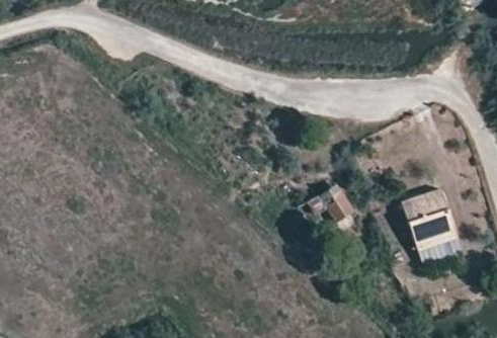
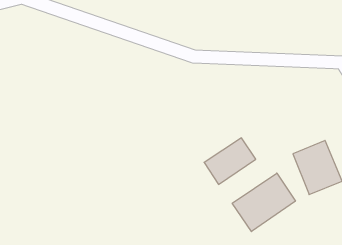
building: none -> [232,173,295,232]

